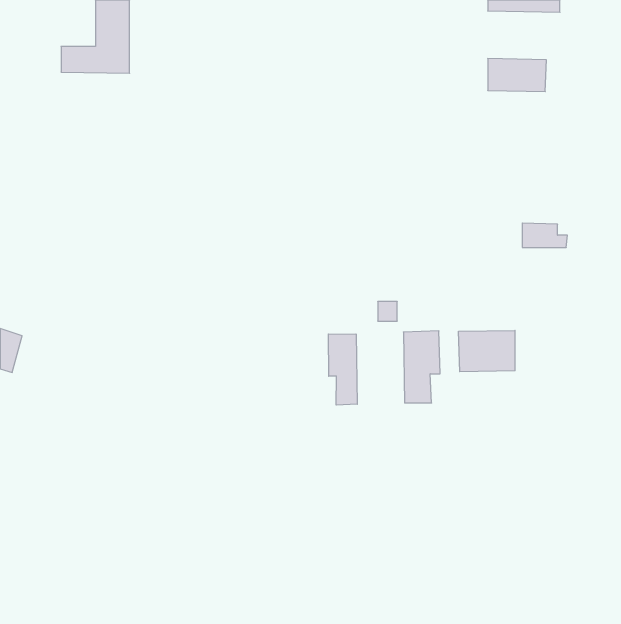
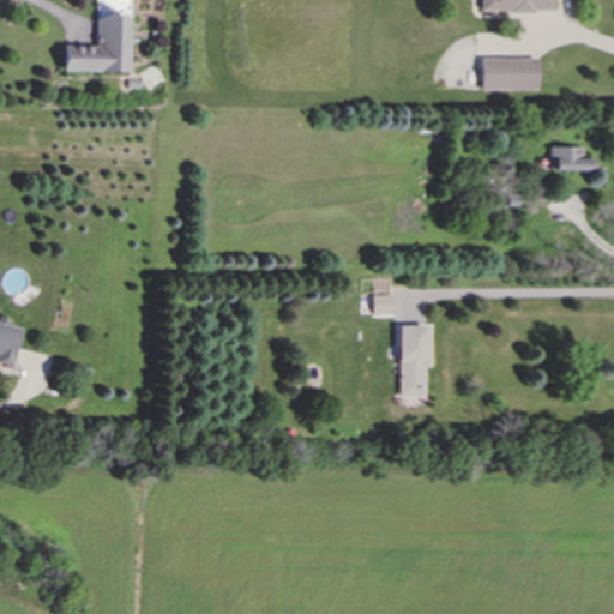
building: [522,223,567,247] -> [550,146,595,170]
building: [459,330,515,372] -> none
building: [328,334,357,405] -> none

